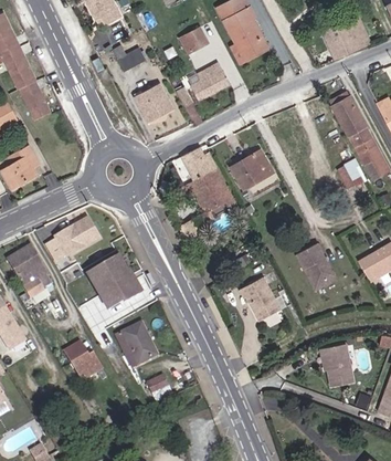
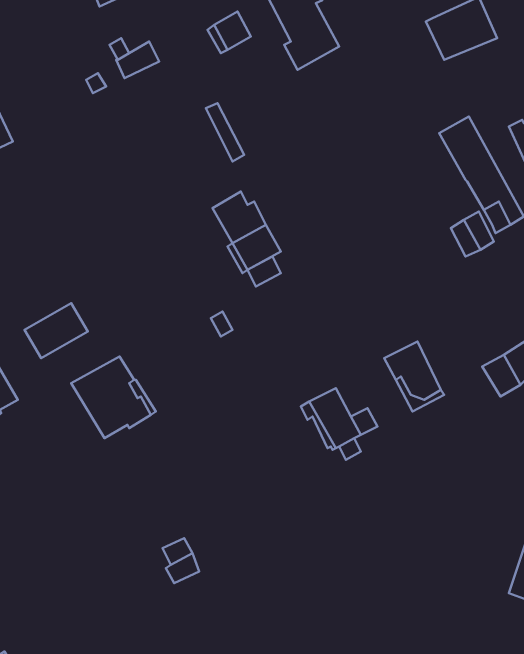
building: [190,61,230,99] -> none
building: [133,84,171,119] -> none
building: [232,150,274,189] -> none
building: [115,322,158,367] -> none
building: [65,343,101,380] -> none
building: [320,343,355,386] -> none

